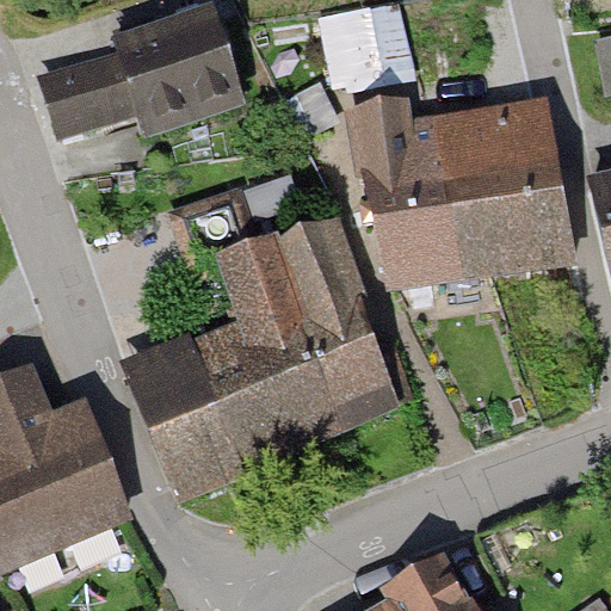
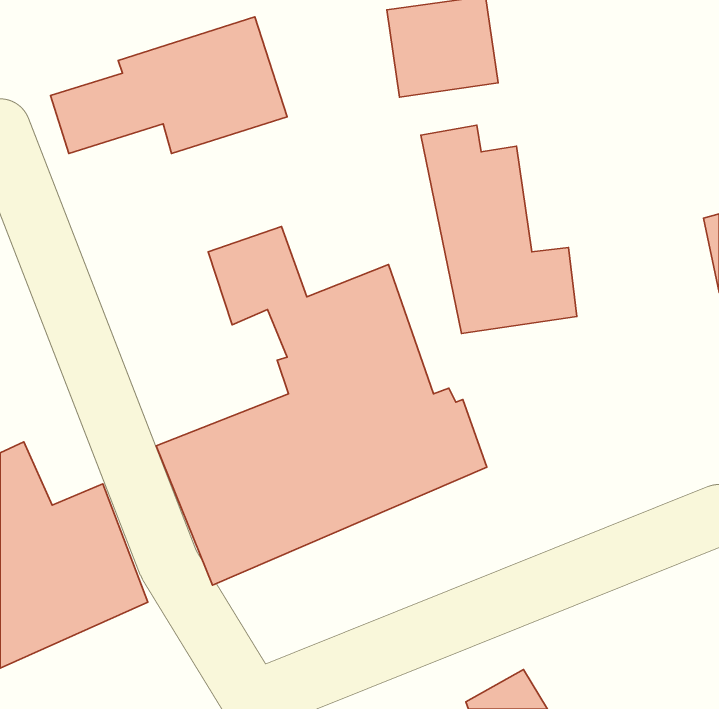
building: [438,109,574,269] -> none

